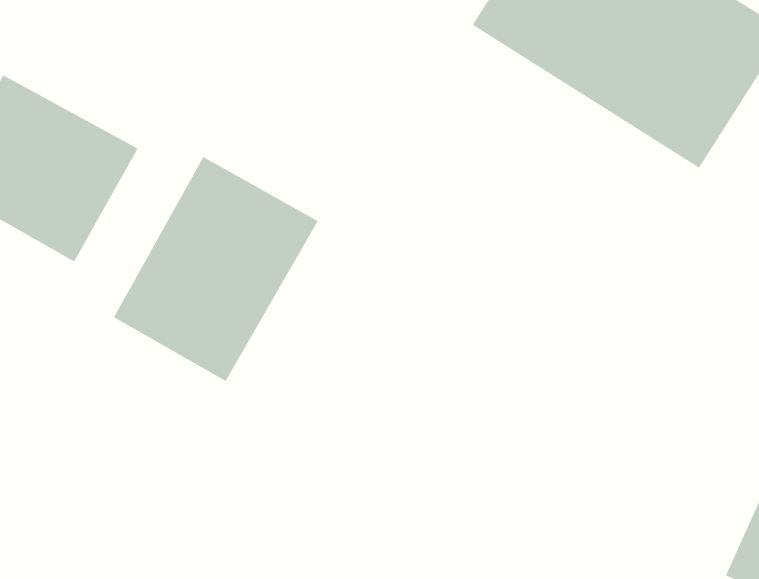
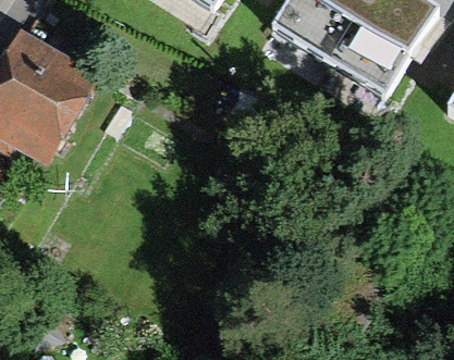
building: [113,156,319,382] -> none

